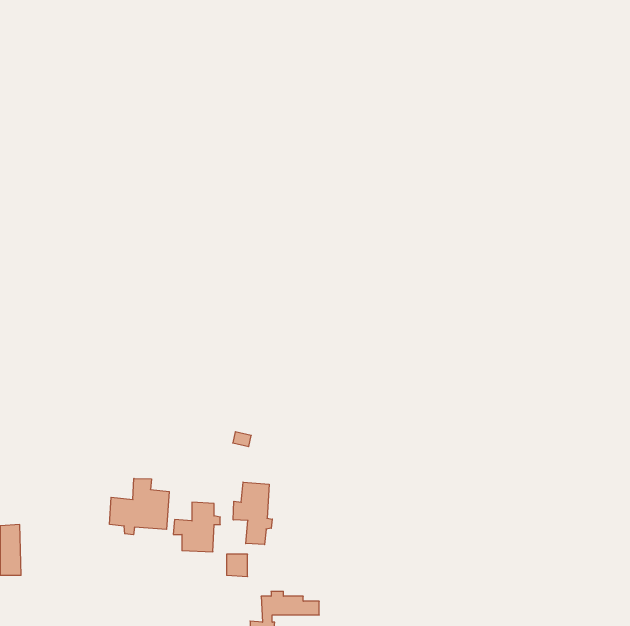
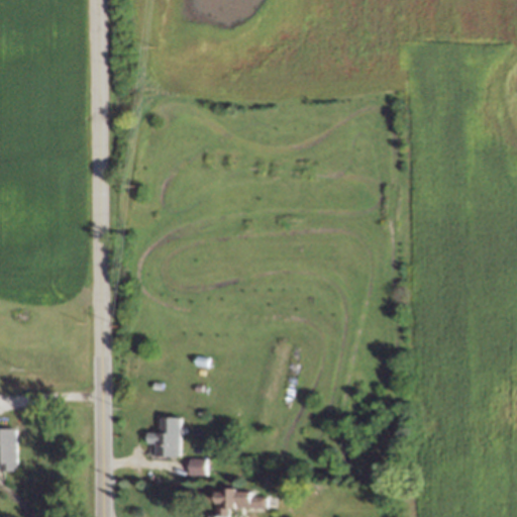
building: [110,478,169,535] -> none
building: [233,482,272,545] -> none

